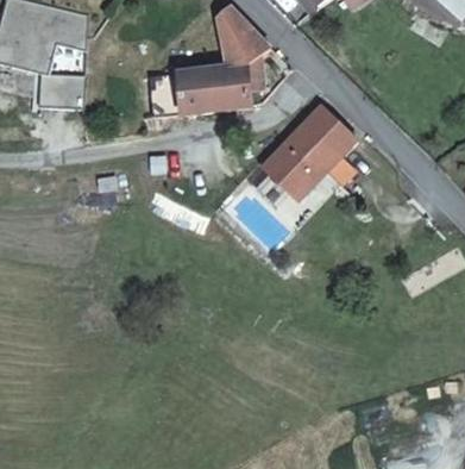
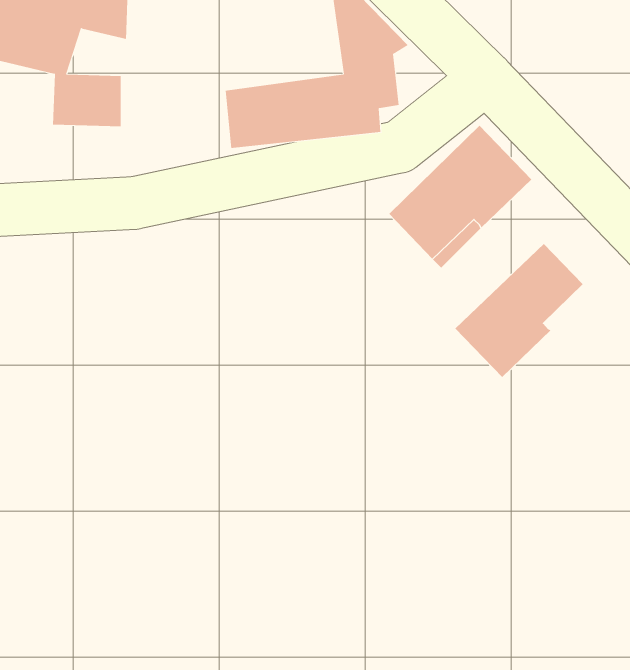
building: none -> [454,243,584,378]

